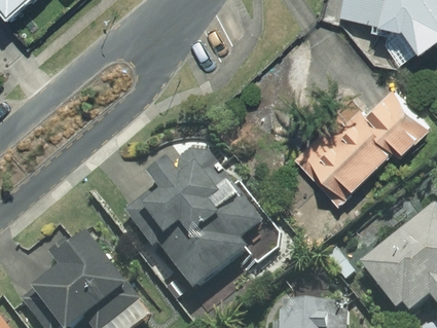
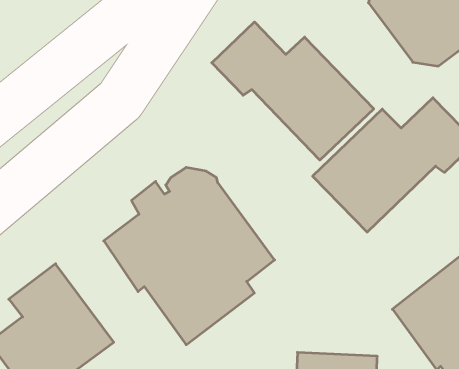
building: none -> [212,22,374,160]

